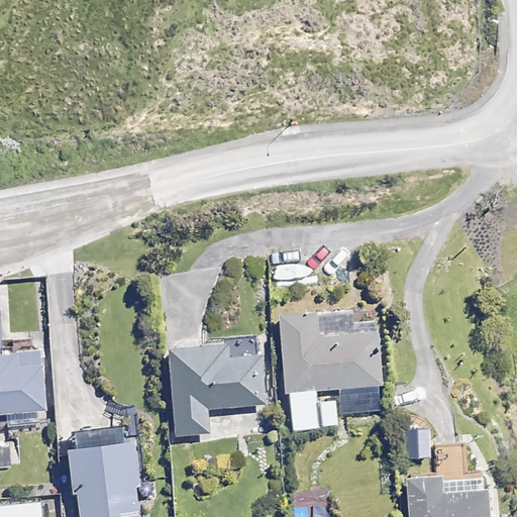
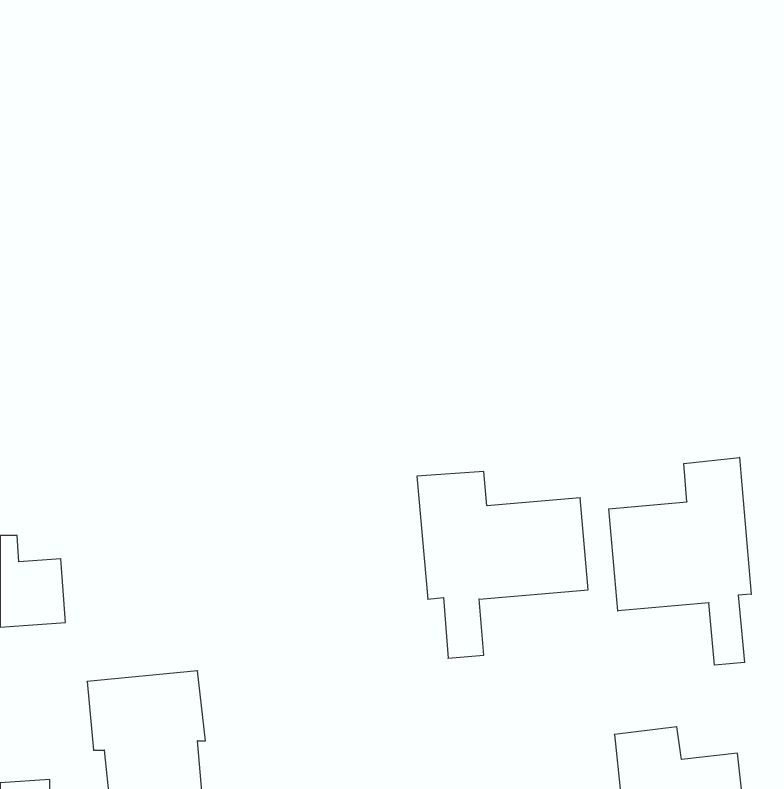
building: none -> [609,457,751,665]
building: [170,343,261,435] -> none

